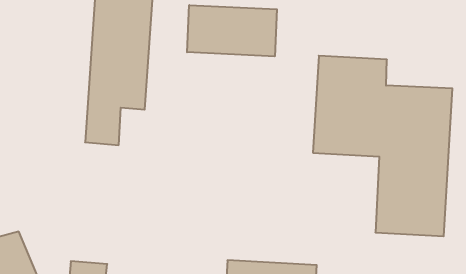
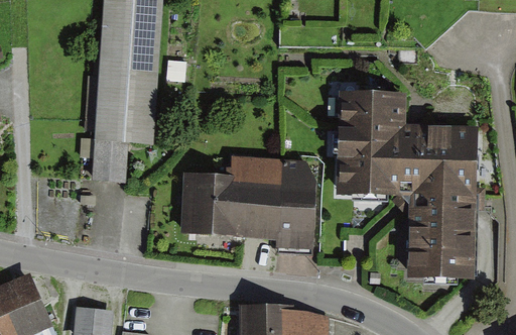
building: [187,5,277,56] -> none
building: none -> [179,156,314,245]

